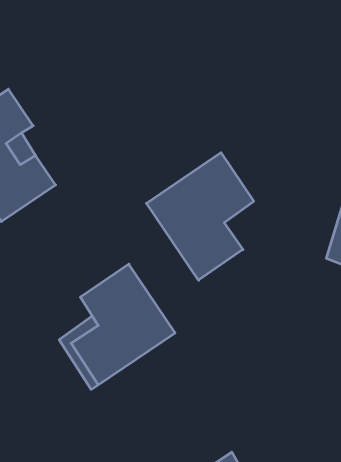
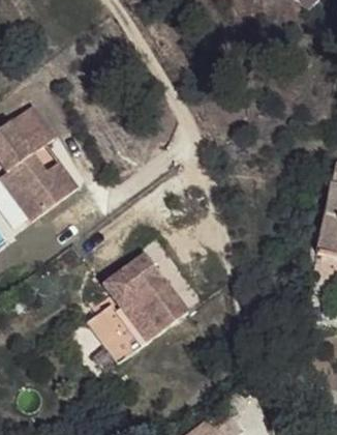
building: [146,153,254,280] -> none

